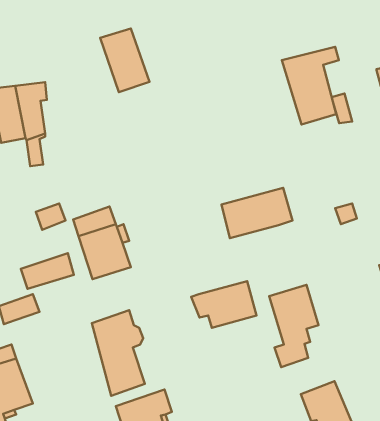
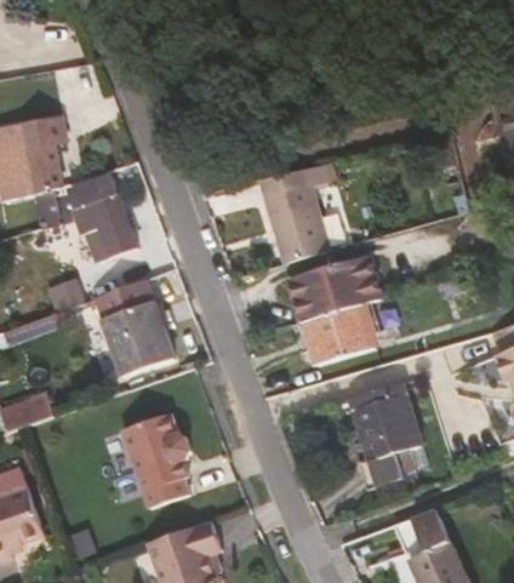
building: [100,29,150,92] -> [70,177,135,259]
building: [282,47,339,124] -> [261,161,335,262]
building: [21,253,74,289] -> none
building: [191,281,257,328] -> [291,303,376,364]

